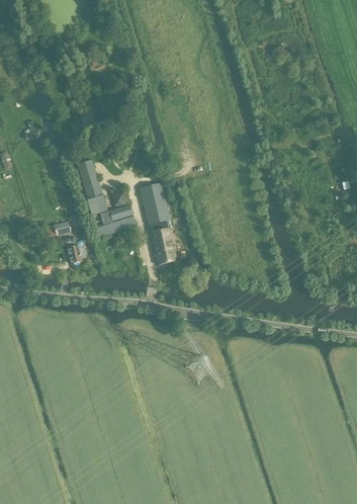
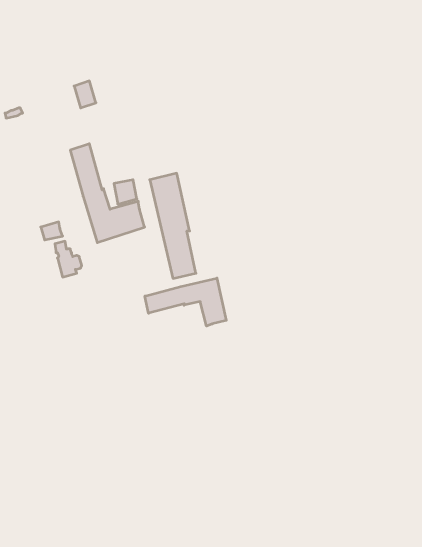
building: none -> [145,278,226,326]

